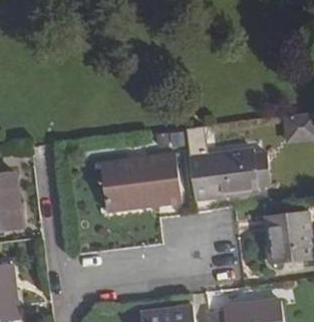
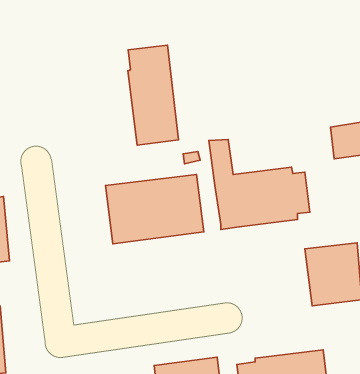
building: none -> [128,45,178,145]

